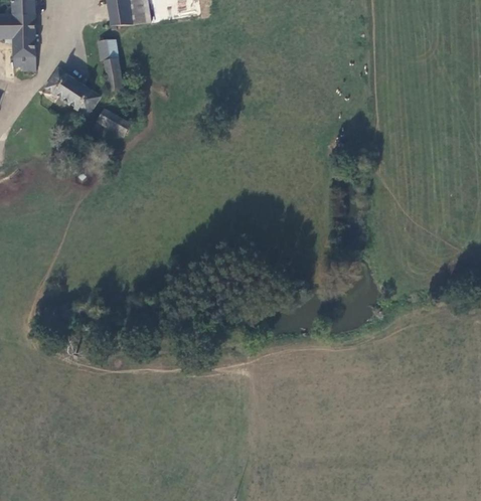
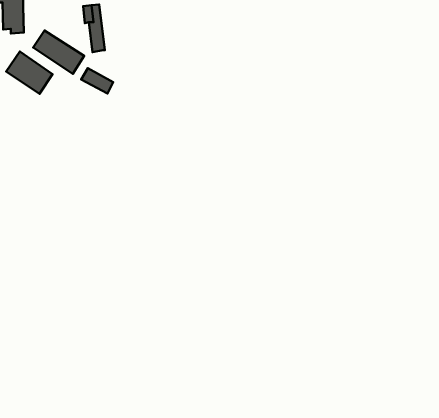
building: none -> [6,51,53,94]

